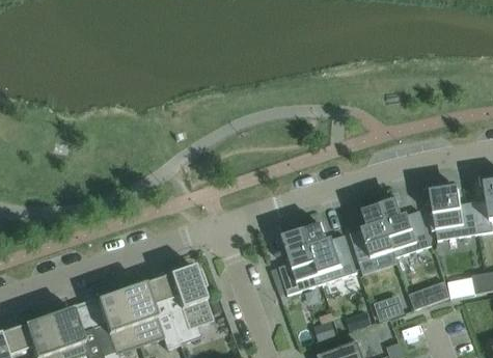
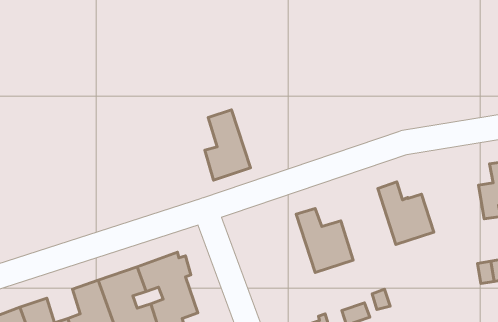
building: [428,186,478,240] -> none
building: [350,204,399,273] -> none
building: [279,228,322,294] -> [205,110,251,180]
building: [409,281,450,309] -> none

